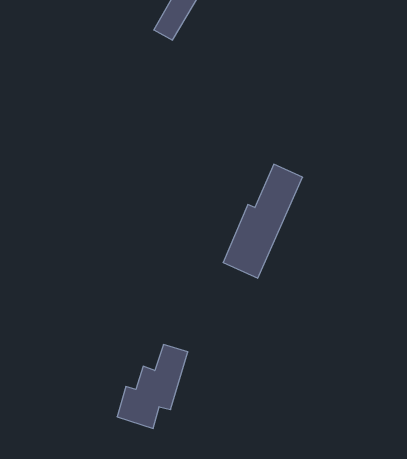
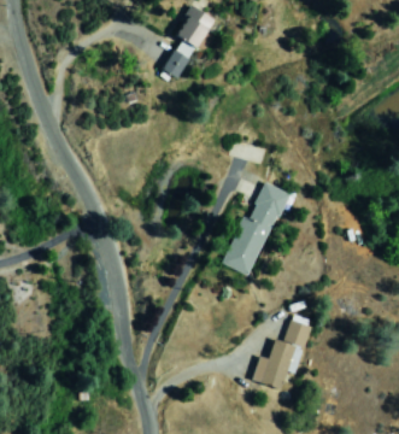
building: [117,345,188,428] -> [252,321,311,391]

